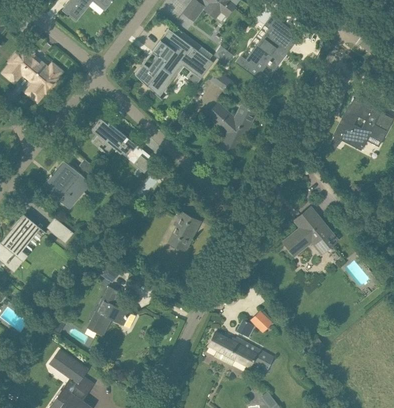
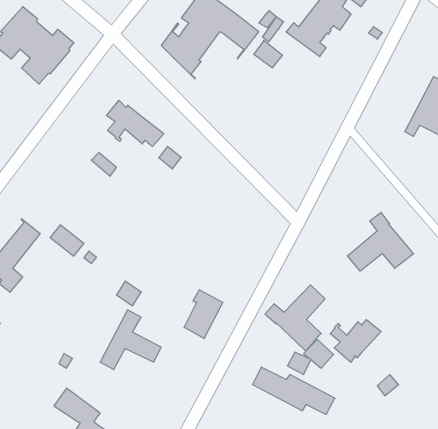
building: [207,102,257,156] -> none
building: [44,160,90,209] -> none
building: [169,212,200,251] -> [184,290,223,339]
building: none -> [265,285,325,351]
building: none -> [330,320,381,362]

